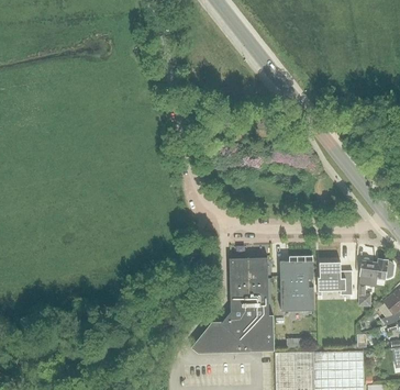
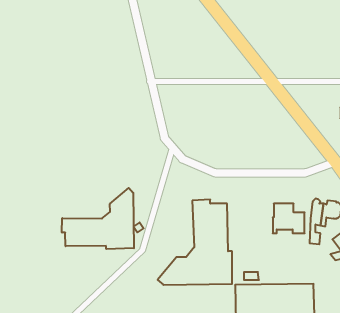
building: none -> [62,188,134,249]
building: [279,256,314,312] -> none

